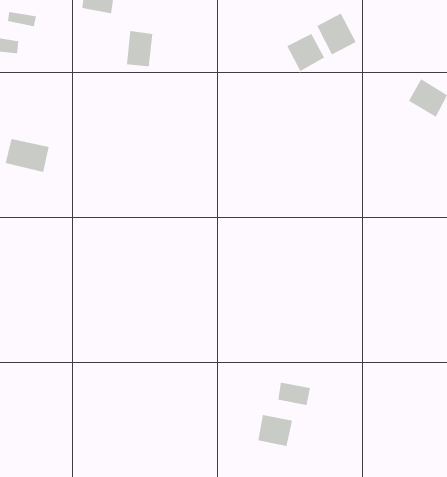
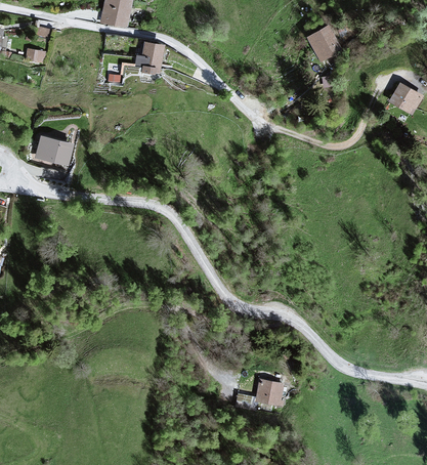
building: [287,33,325,72] -> none
building: [278,382,310,406] -> none

